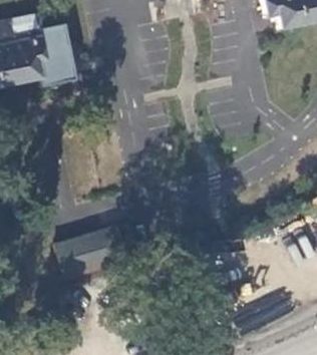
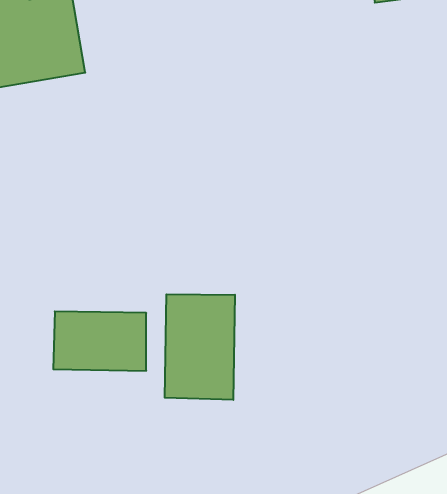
building: none -> [165,294,235,400]

